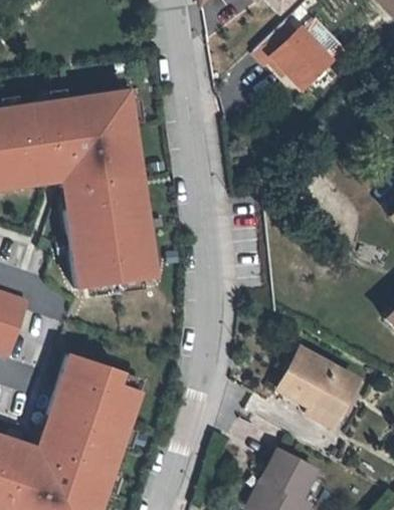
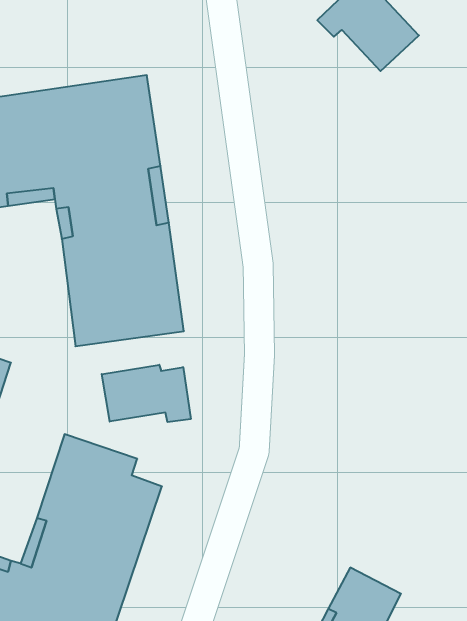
building: none -> [102,365,191,422]
building: [279,349,358,427] -> none

